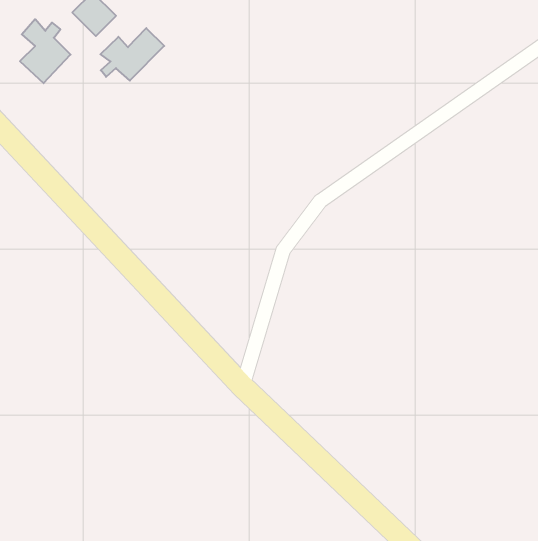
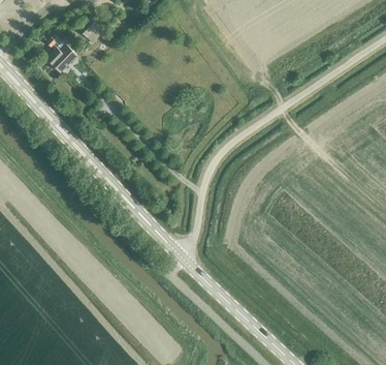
building: [100,28,164,81] -> none

